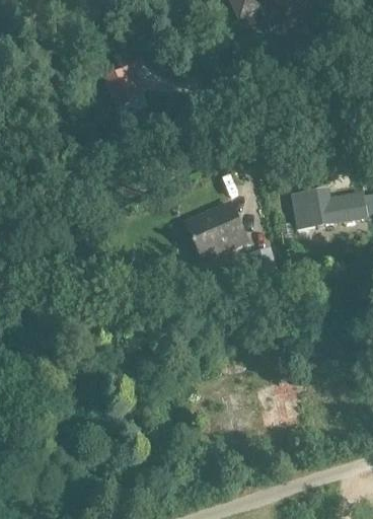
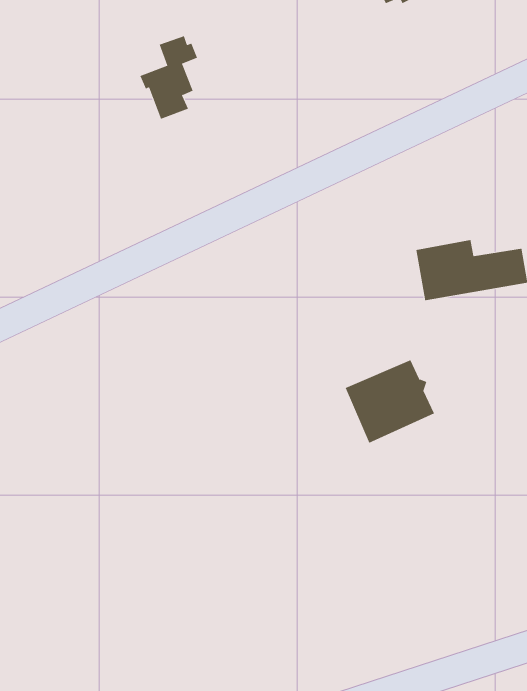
building: [189,202,249,258] -> [345,359,435,443]

